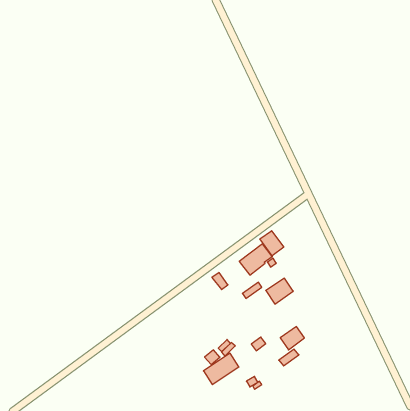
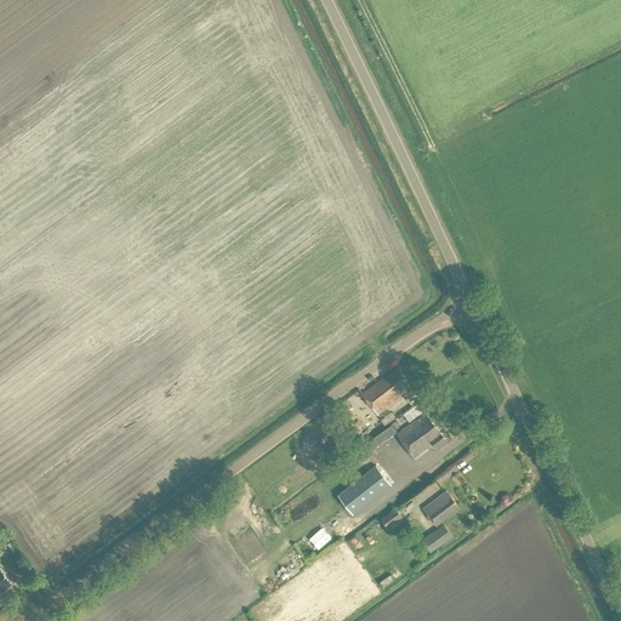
building: [260,231,284,256] -> none
building: [203,353,239,385] -> [334,462,387,509]

